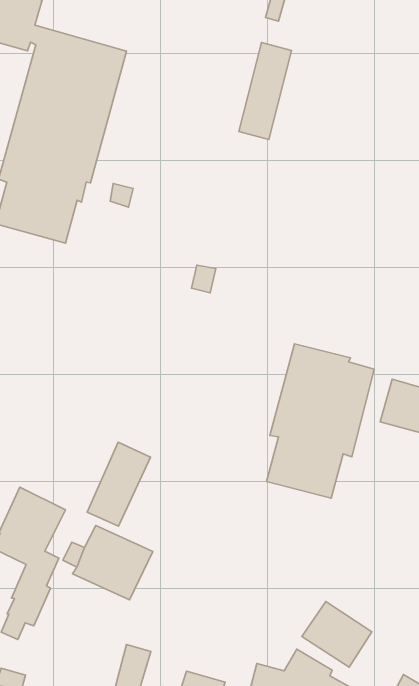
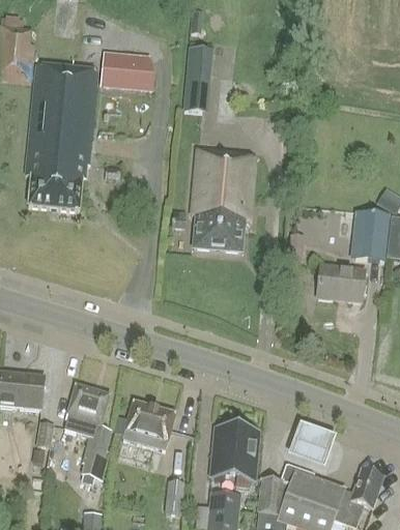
building: none -> [104,54,148,85]
building: [267,344,374,498] -> [191,147,255,249]
building: [87,442,151,526] -> none
building: none -> [210,424,259,481]

